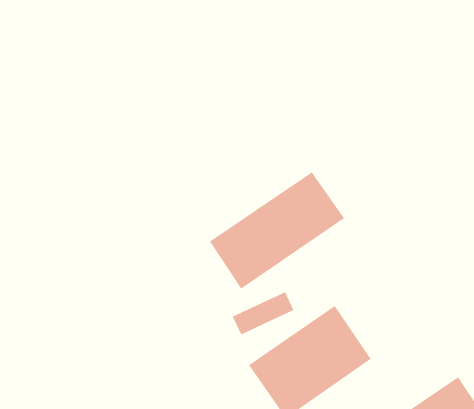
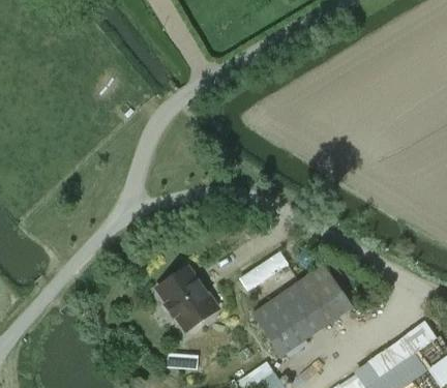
building: [209,171,345,289] -> none
building: none -> [157,268,217,330]

